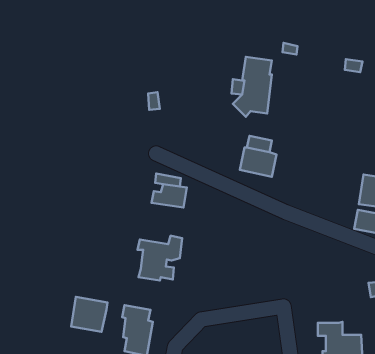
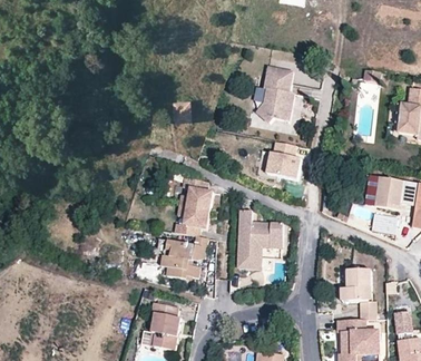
building: none -> [175,206,209,237]
building: none -> [237,211,283,270]
building: none -> [346,270,375,319]
building: [71,297,108,332] -> none

